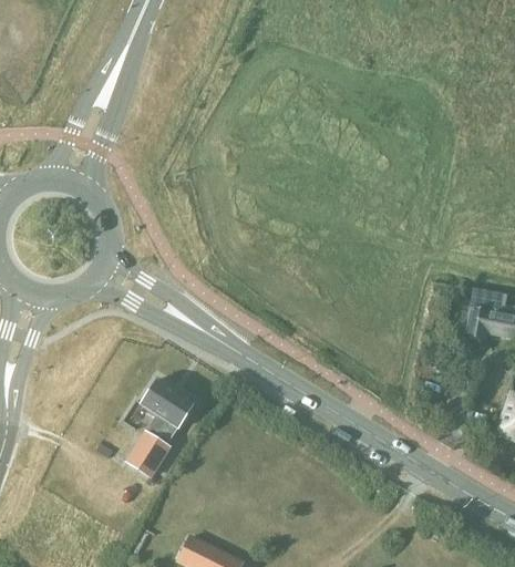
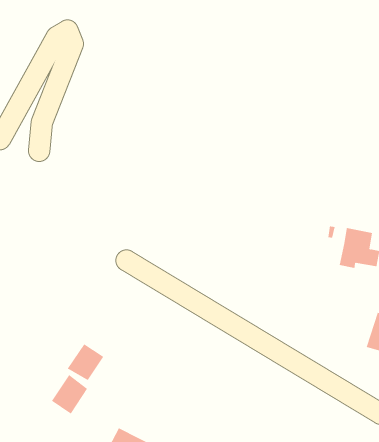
building: [141,380,194,440] -> none
building: none -> [51,374,88,414]

